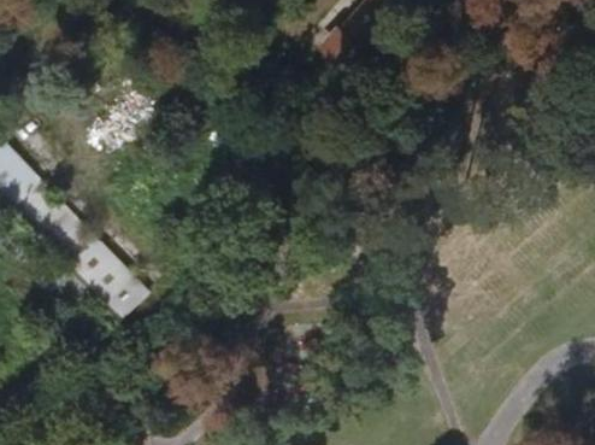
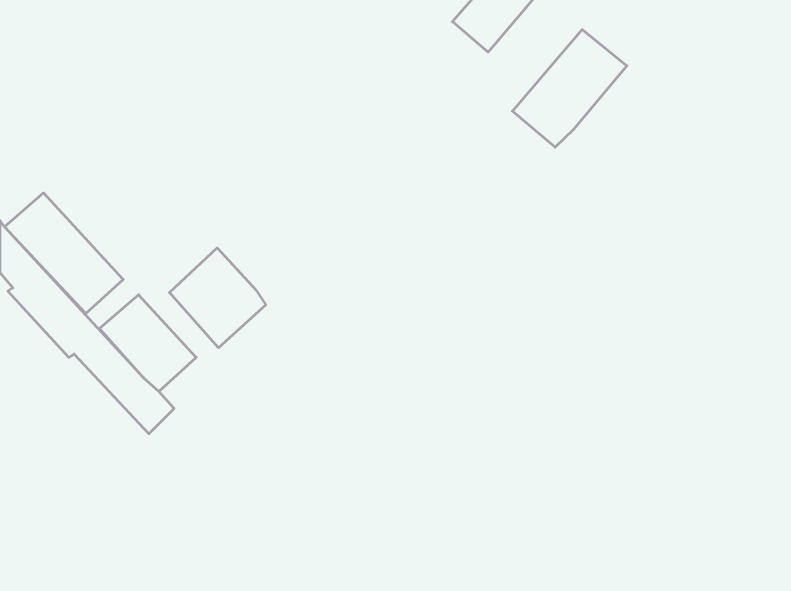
building: none -> [512,30,627,147]
building: none -> [169,248,266,348]

